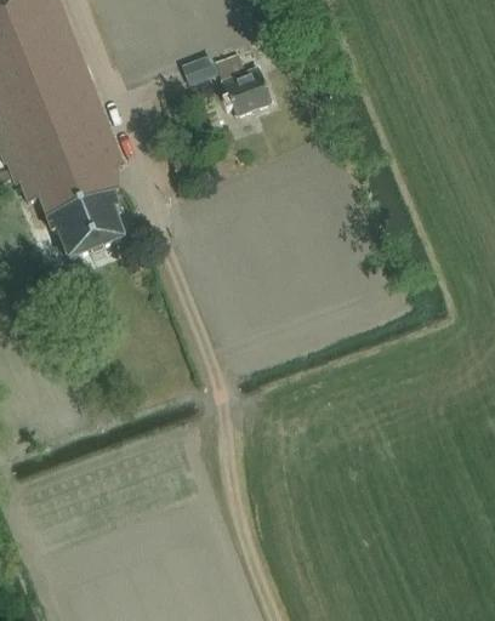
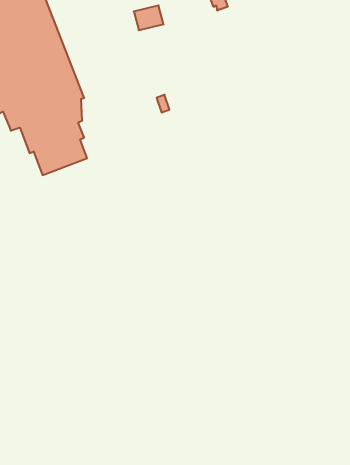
building: [218,53,272,114] -> none

